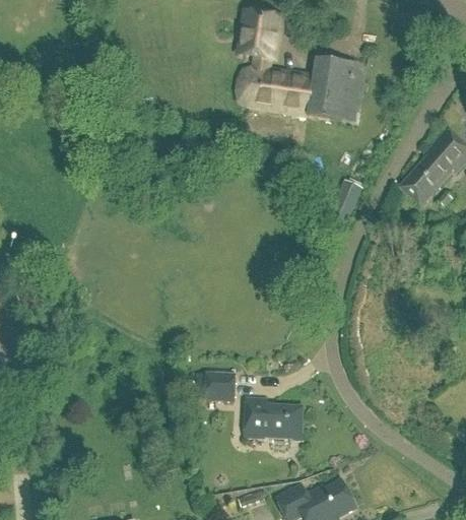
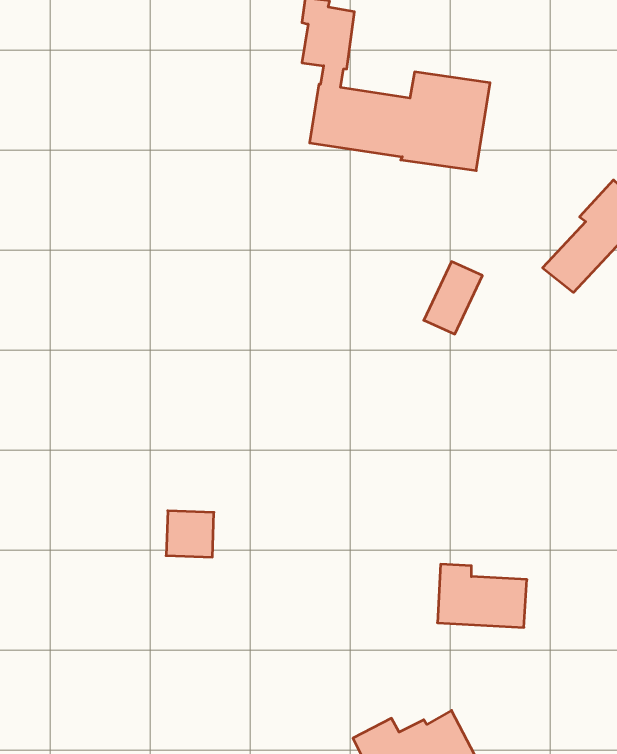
building: [203,370,235,400] -> [166,511,214,557]
building: [244,396,303,438] -> [437,564,527,627]

